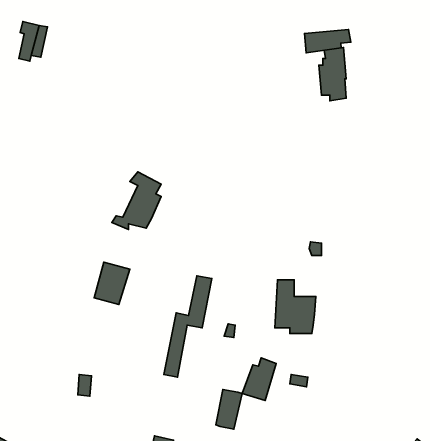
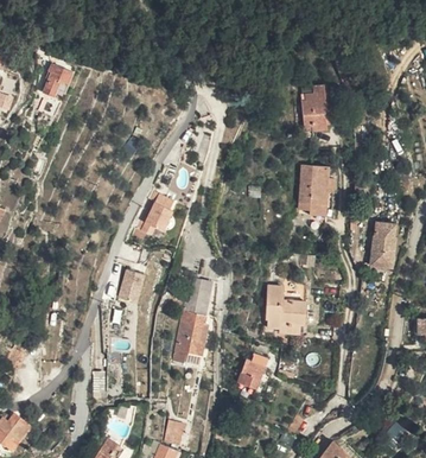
building: [304,30,351,53] -> none
building: none -> [295,165,328,215]
building: none -> [364,224,392,267]
building: [216,389,242,429] -> [184,325,206,360]

